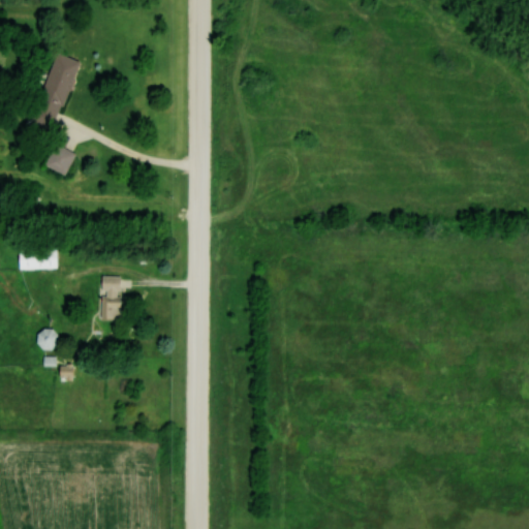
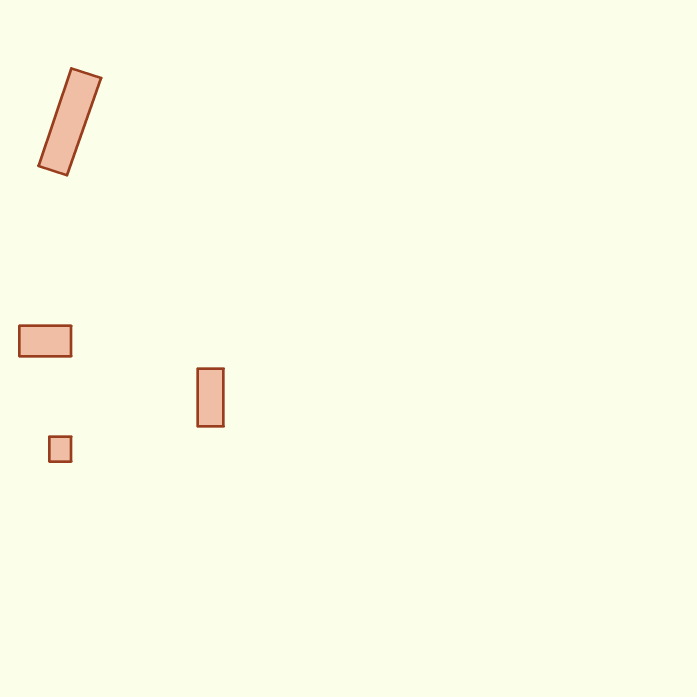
building: [44,144,76,177] -> none
building: [101,277,121,320] -> [198,369,224,426]

